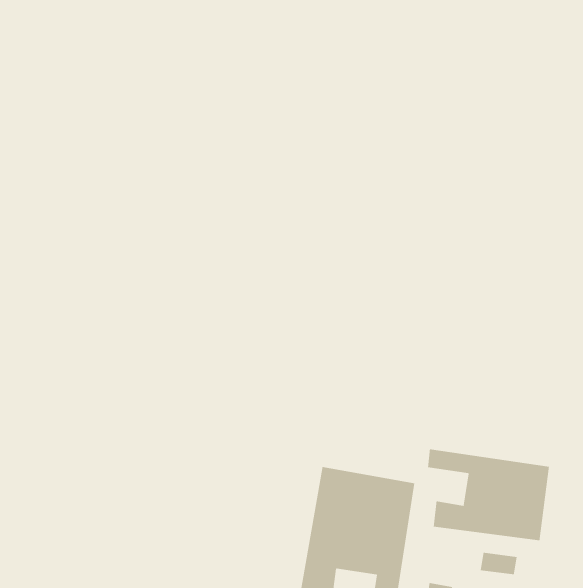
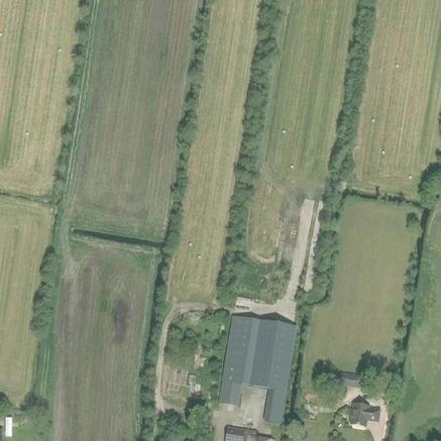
building: [427,448,549,541] -> none

